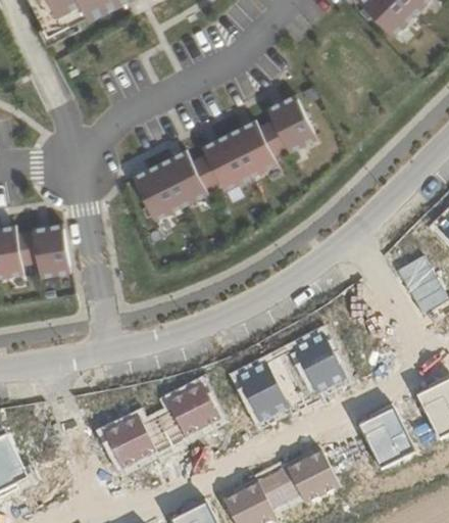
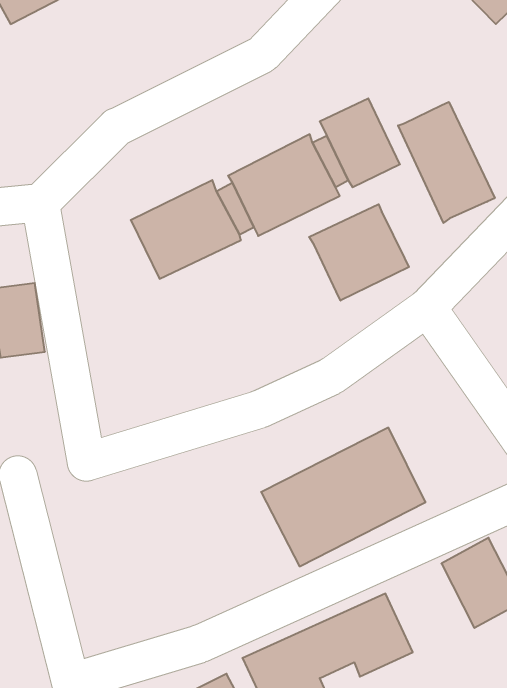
building: none -> [398,102,495,223]
building: none -> [309,204,409,301]
building: [99,380,220,469] -> none

